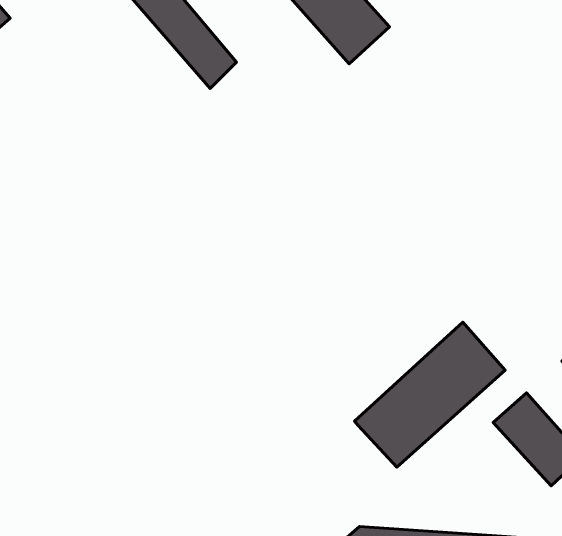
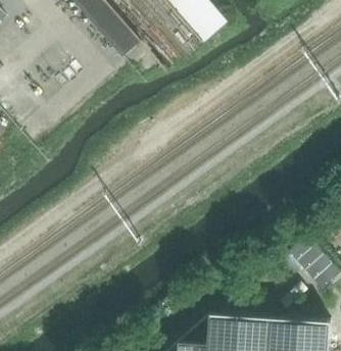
building: [355,322,505,467] -> none

